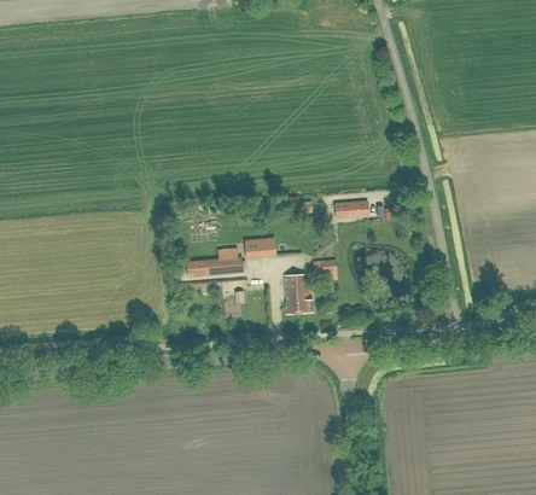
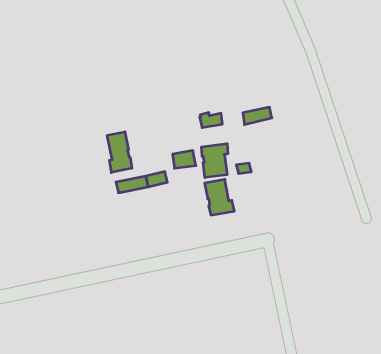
building: none -> [107,132,132,173]
building: none -> [202,144,228,178]

